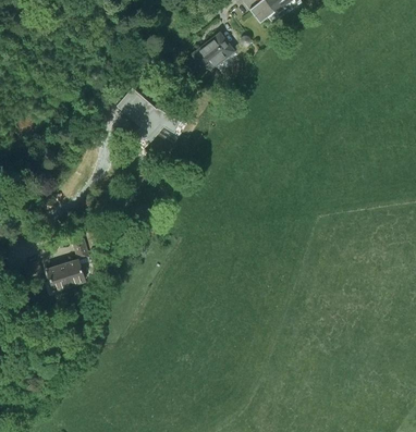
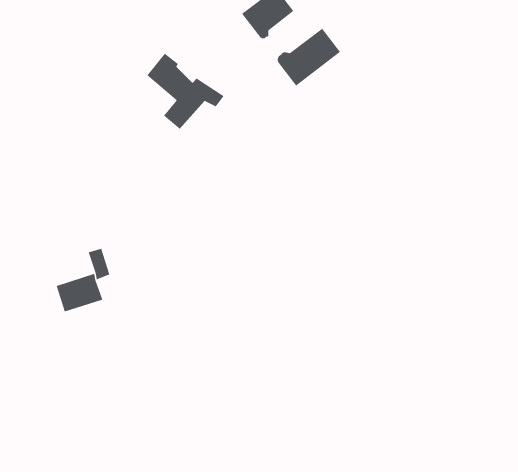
building: none -> [277,28,341,86]

